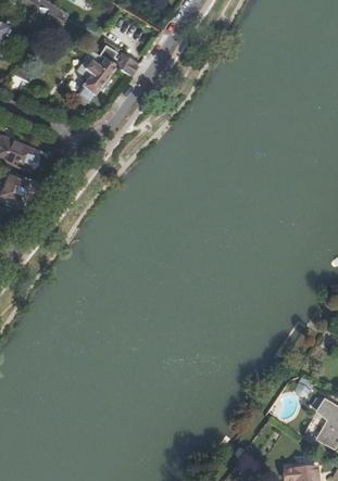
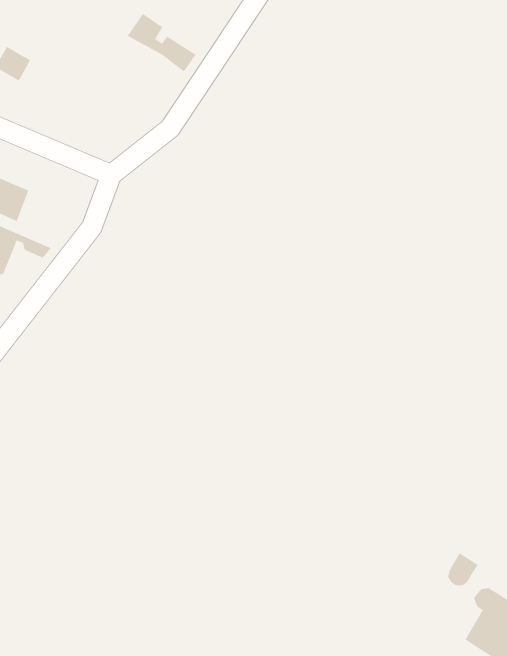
building: [77,49,117,104] -> none

